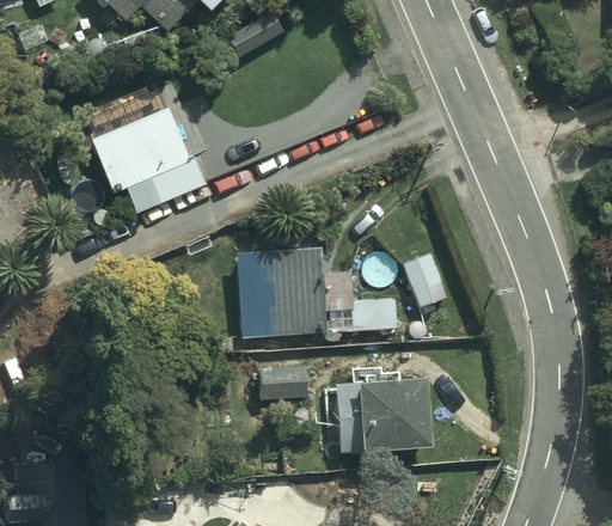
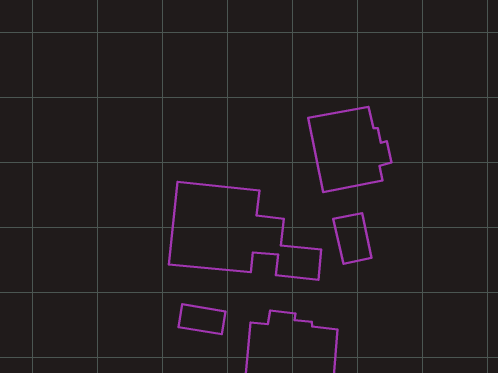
building: [88,88,207,204] -> none
building: none -> [308,107,392,192]

